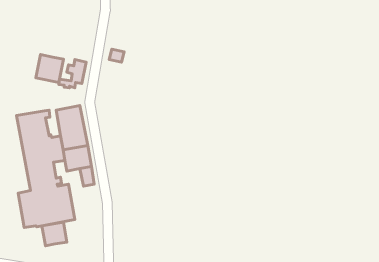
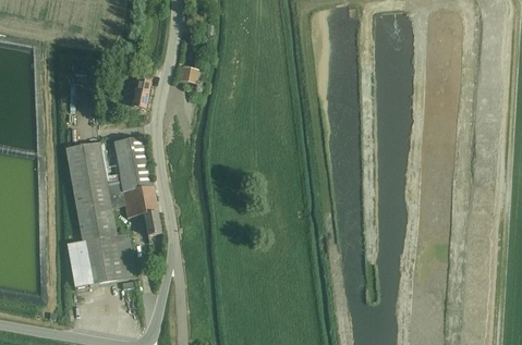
building: [36,54,64,82] -> none
building: [42,222,67,246] -> none

